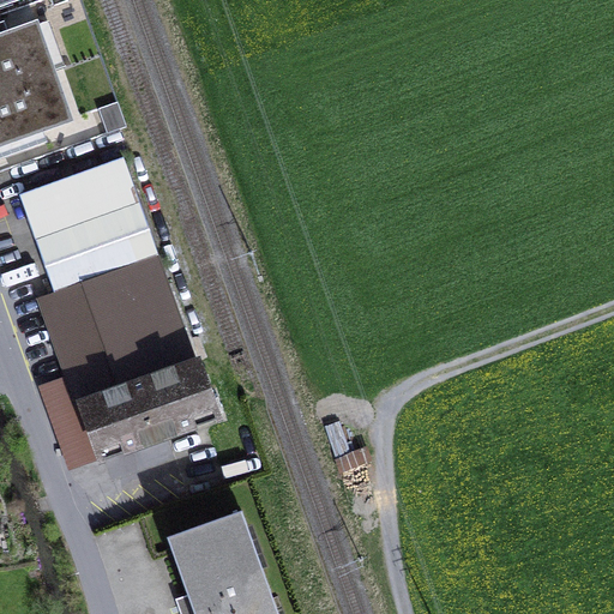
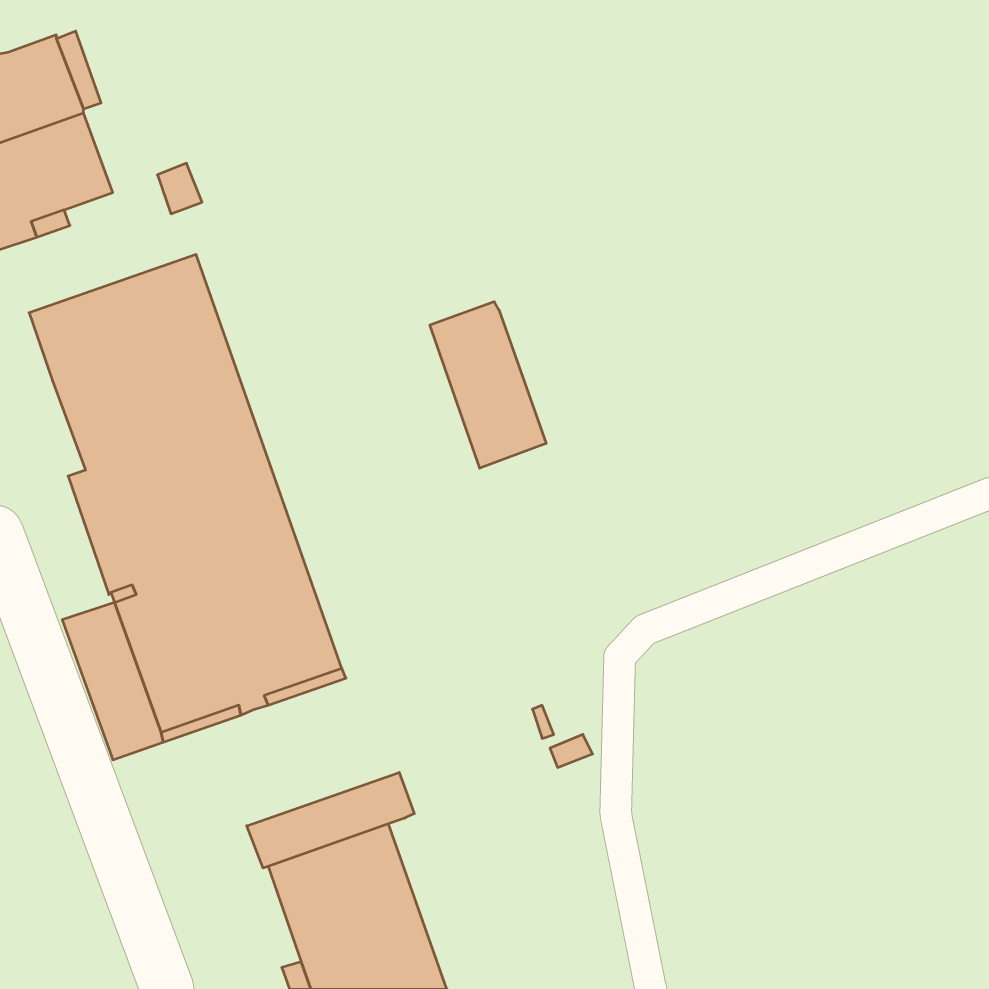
building: none -> [430,302,546,468]
building: none -> [247,772,414,868]

